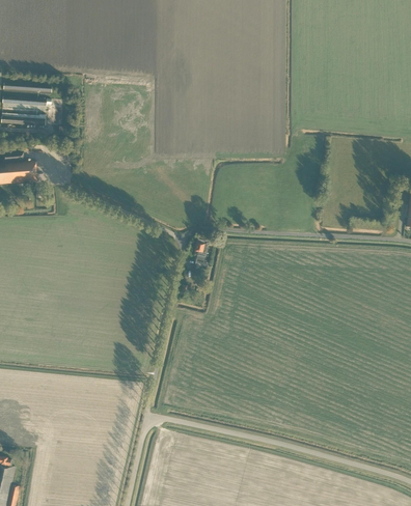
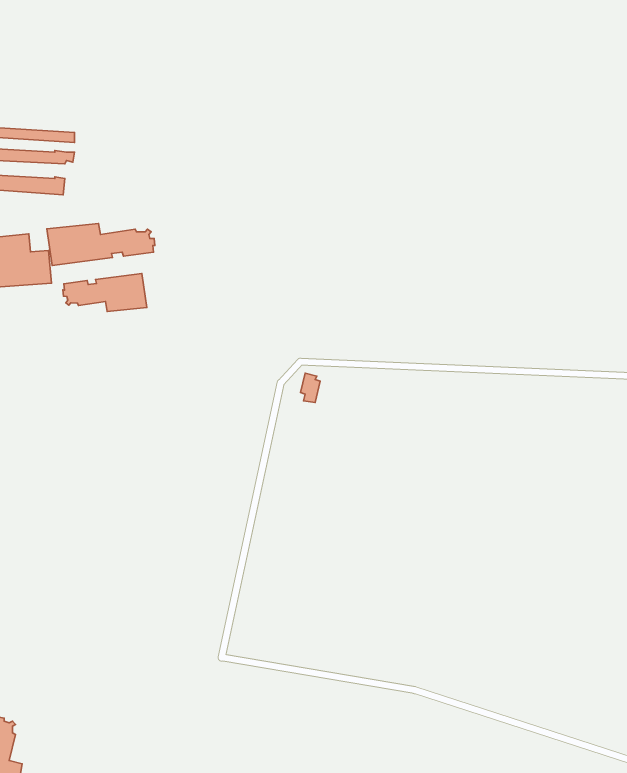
building: none -> [47,223,155,266]
building: none -> [63,273,147,311]

